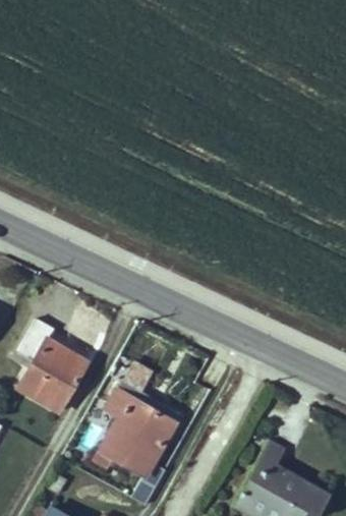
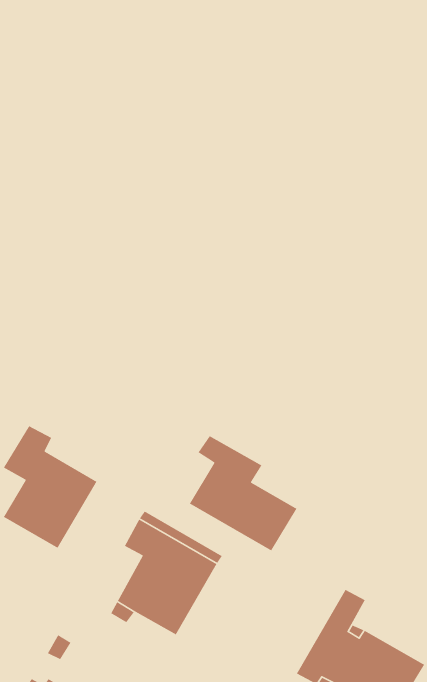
building: none -> [189,435,297,551]

